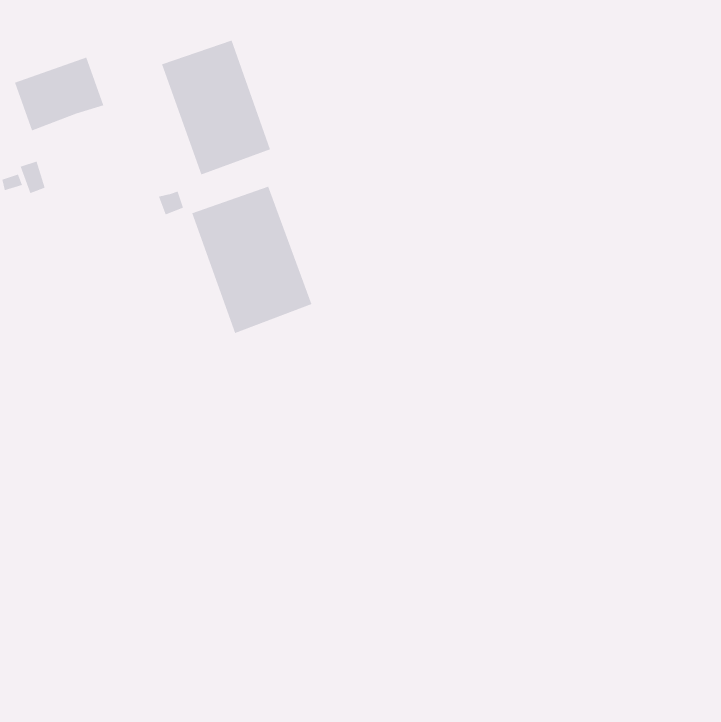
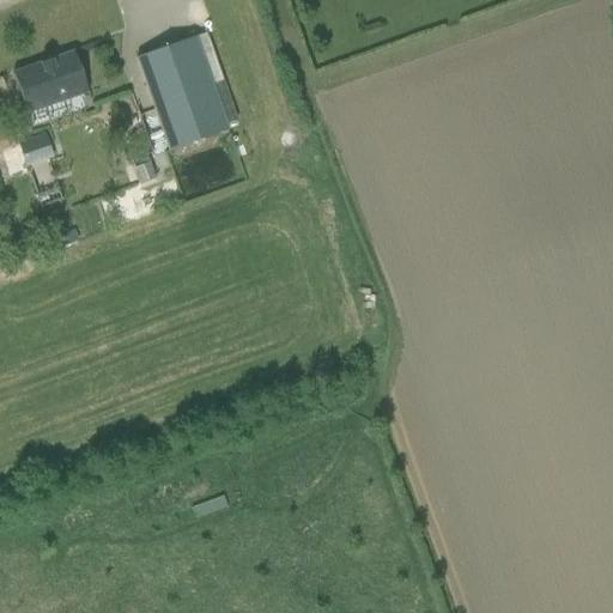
building: [191,186,312,334] -> none

